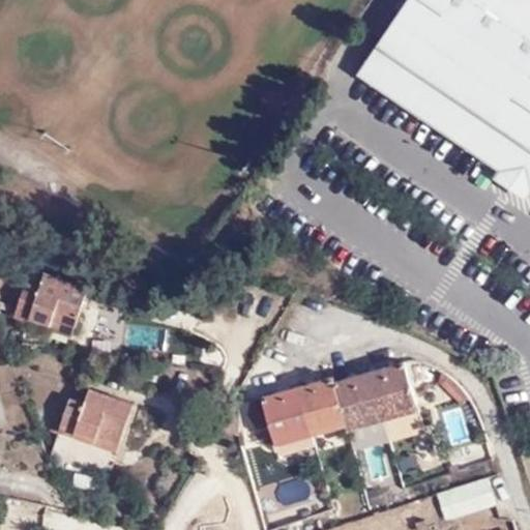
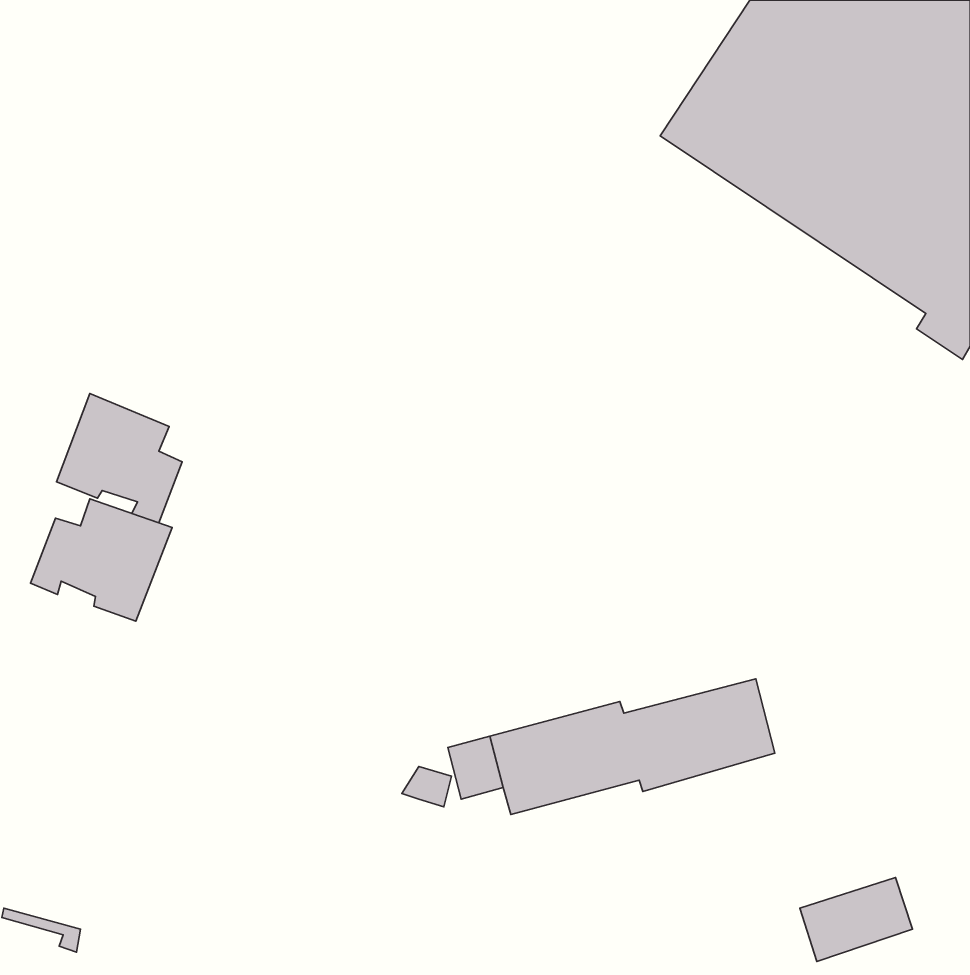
building: none -> [57,394,182,523]
building: [60,387,139,453] -> none

